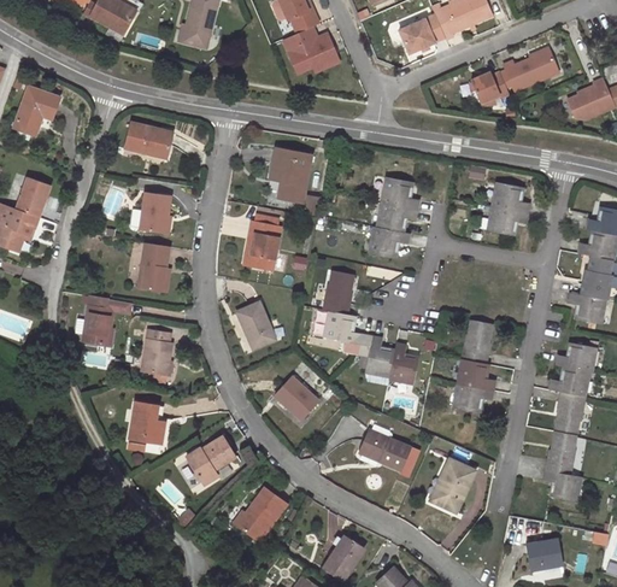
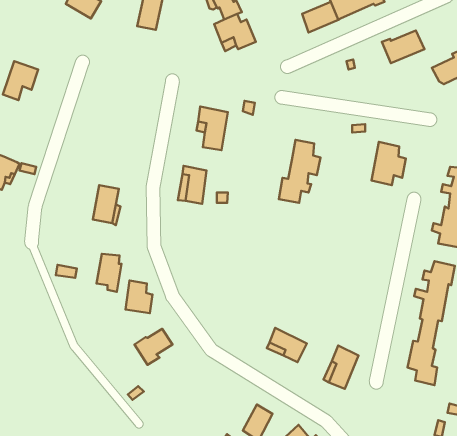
building: [476,66,515,99] -> none
building: [124,128,171,157] -> none
building: [14,182,48,216] -> none
building: [135,194,166,236] -> none
building: [327,278,421,398] -> none
building: [76,297,110,346] -> none
building: [234,306,274,353] -> none
building: [451,331,498,427] -> none
building: [275,376,317,419] -> none
building: [129,395,164,438] -> [126,281,153,313]
building: [233,485,284,540] -> none
building: [523,532,564,565] -> none

